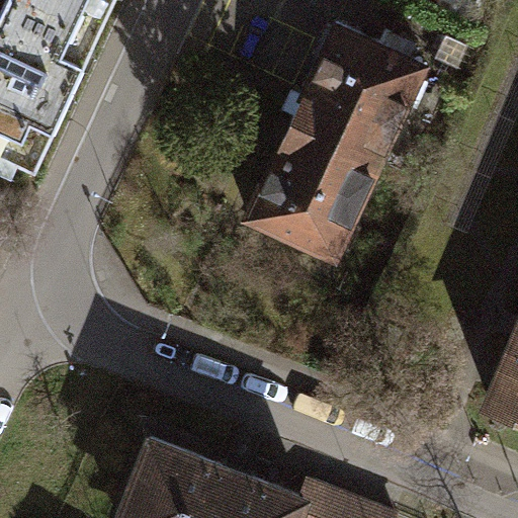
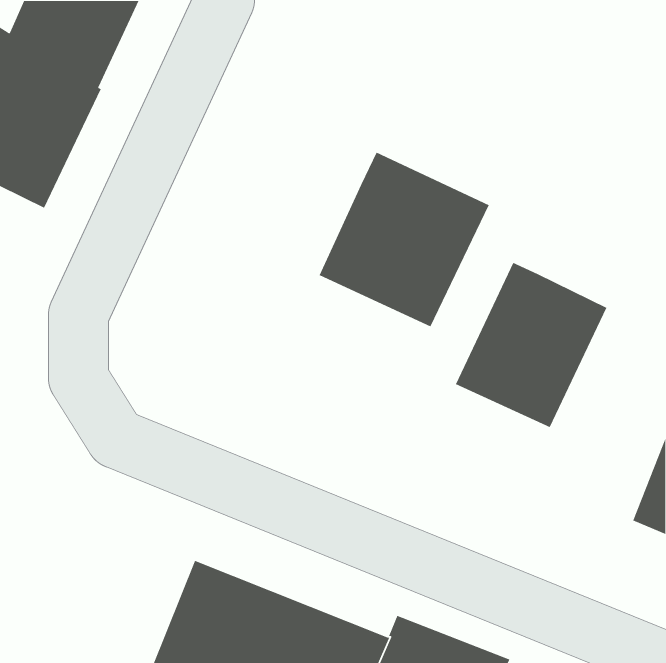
building: [291,24,425,162] -> none
building: none -> [455,262,608,428]

